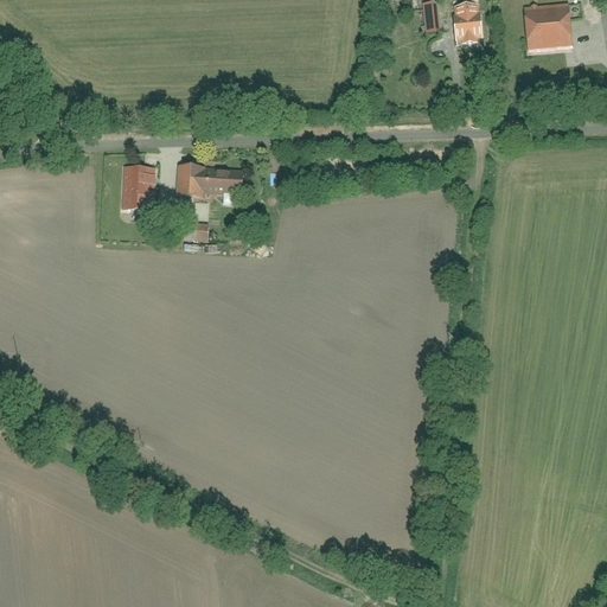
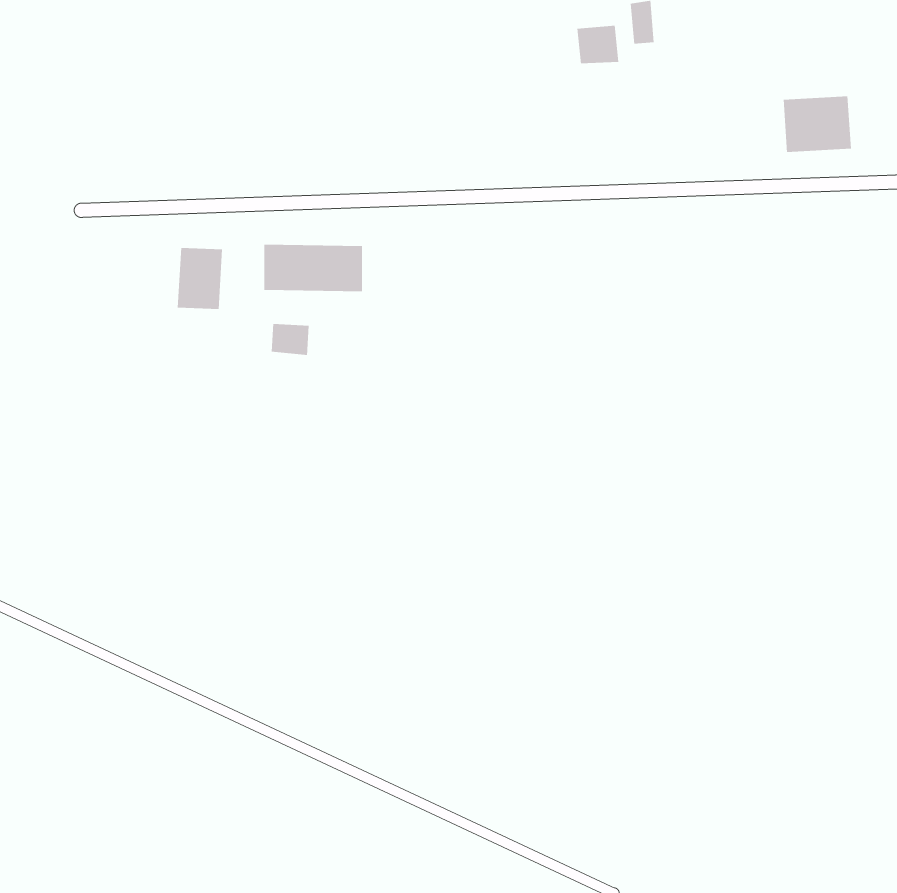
building: [526,8,573,46] -> [783,96,852,152]
building: [452,9,480,36] -> [577,25,619,64]

